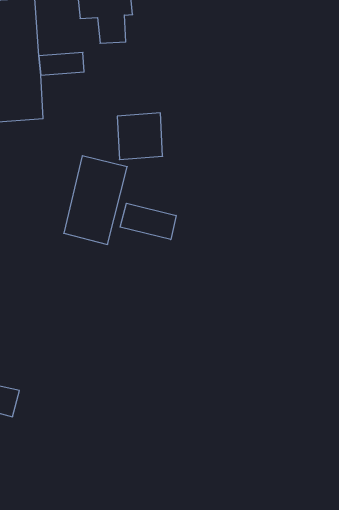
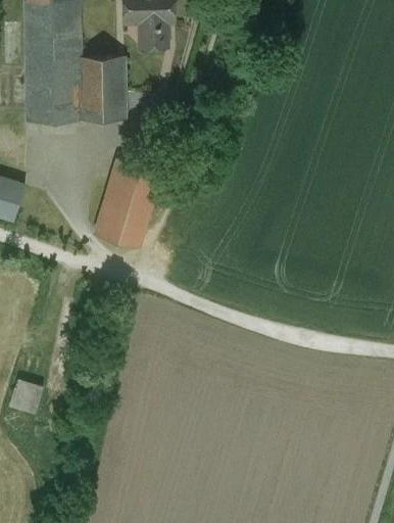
building: [117,113,163,160] -> [83,76,126,120]
building: [120,203,176,240] -> none

